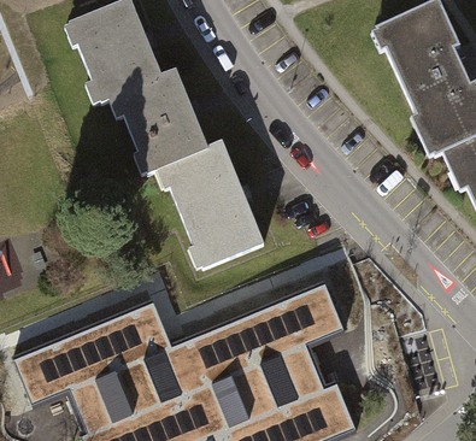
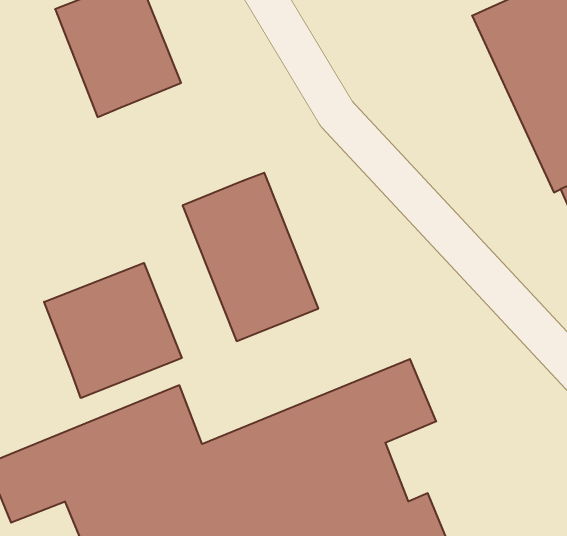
building: [116,72,206,174] -> none
building: none -> [44,263,182,398]

